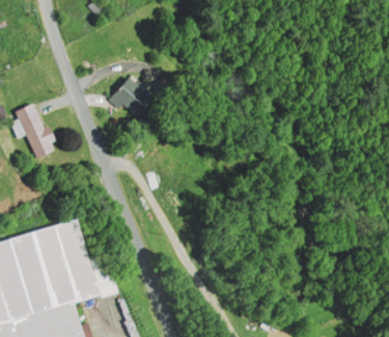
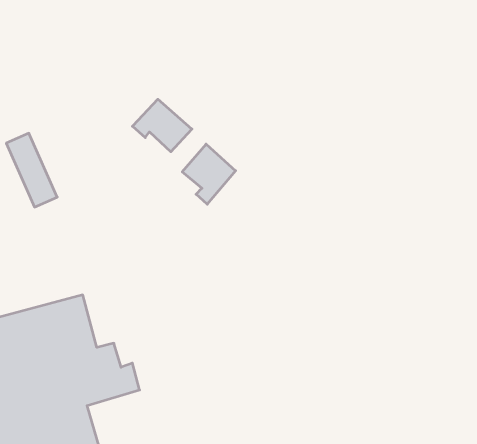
building: none -> [182,144,236,204]

